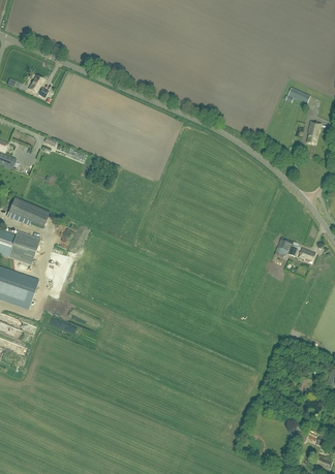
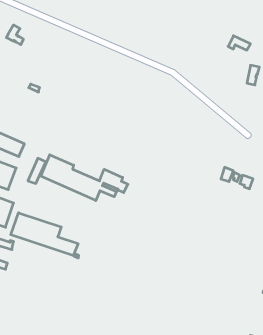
building: none -> [41,155,128,201]
building: none -> [11,213,78,258]

